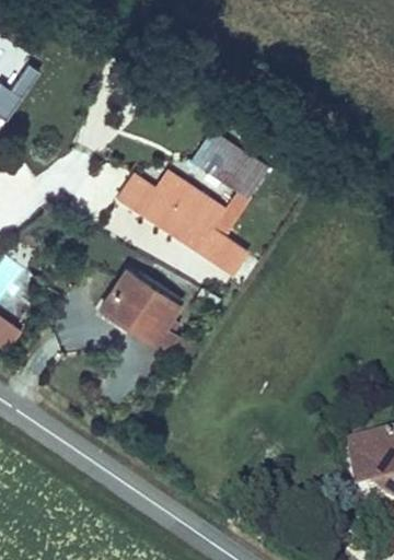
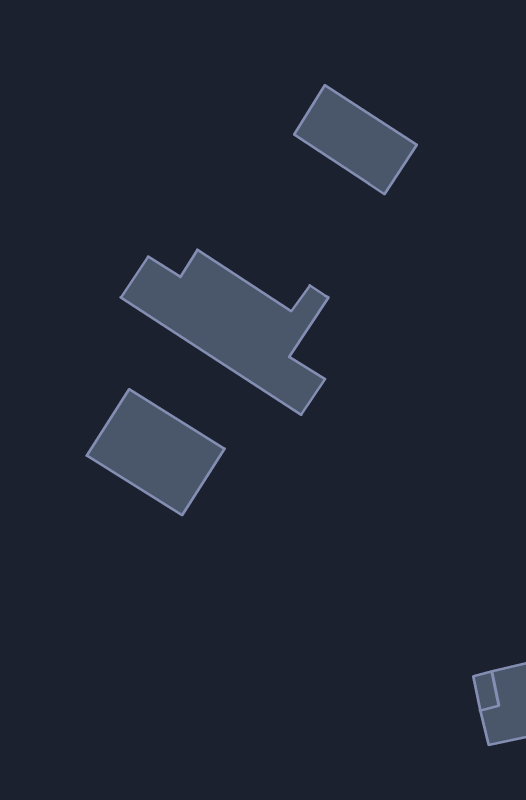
building: [190,129,269,199] -> [294,85,417,194]

